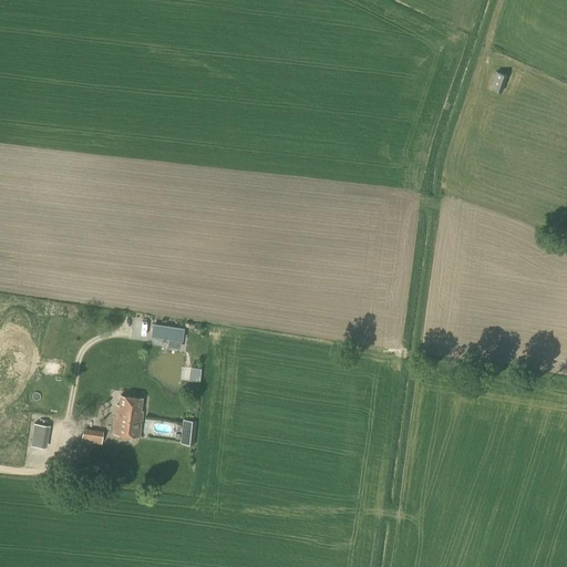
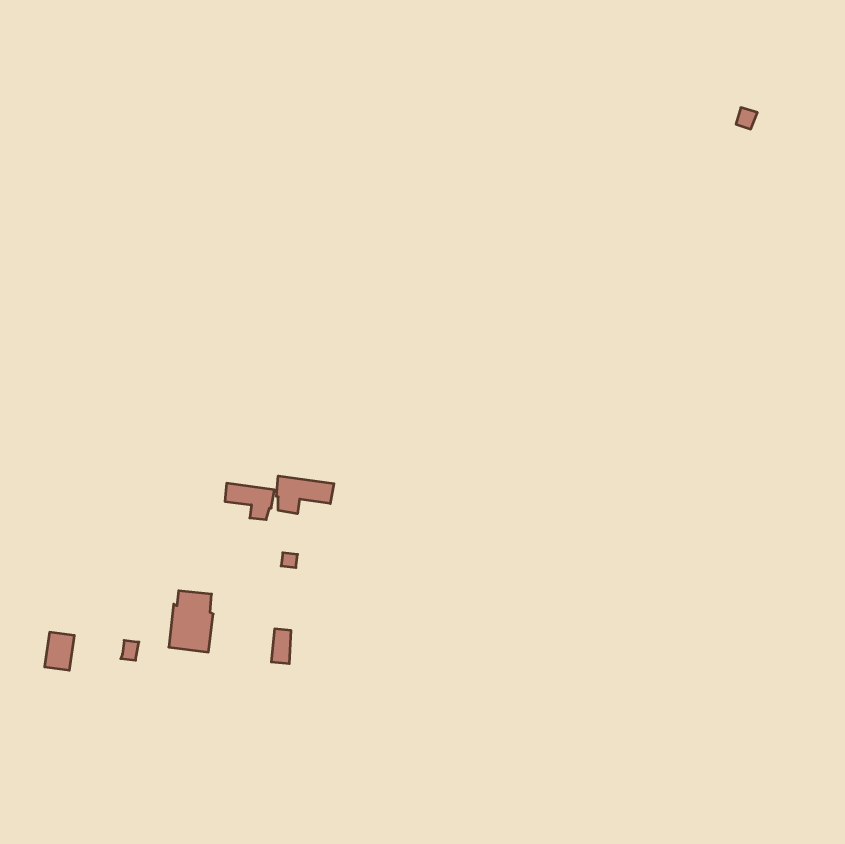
building: none -> [276,476,334,514]

